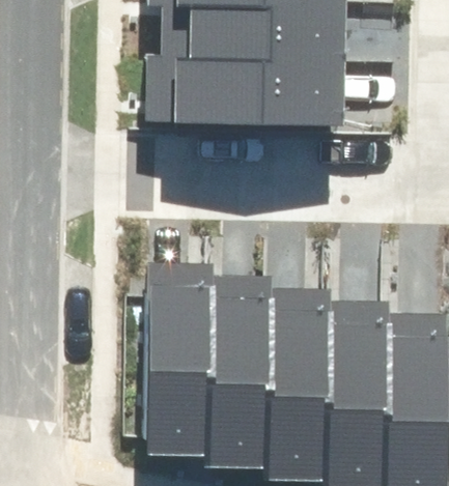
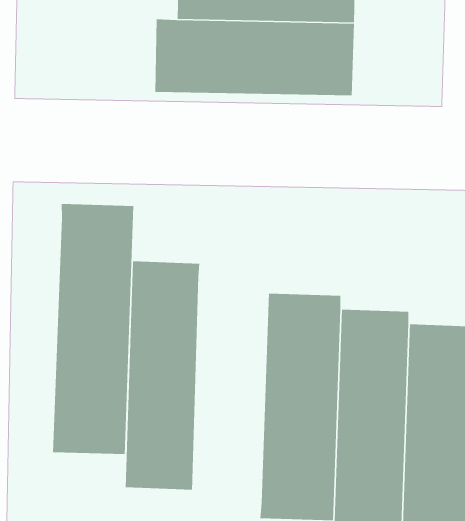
building: none -> [52,203,134,455]
building: [204,275,269,464] -> none

